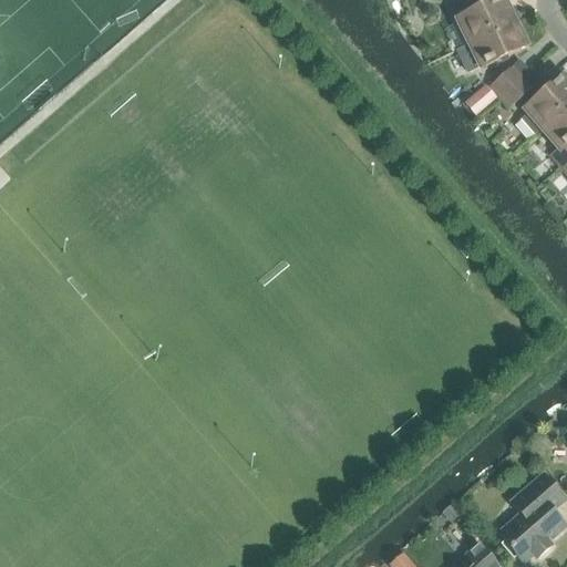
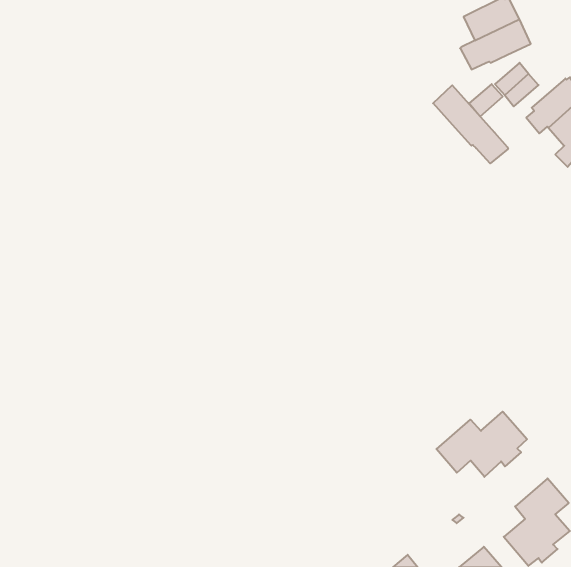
building: none -> [433,85,508,163]
building: none -> [436,412,527,477]

